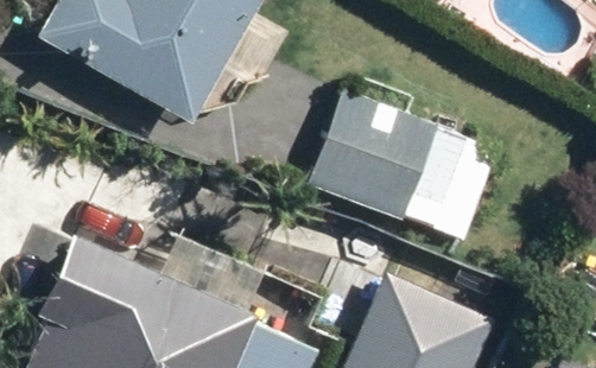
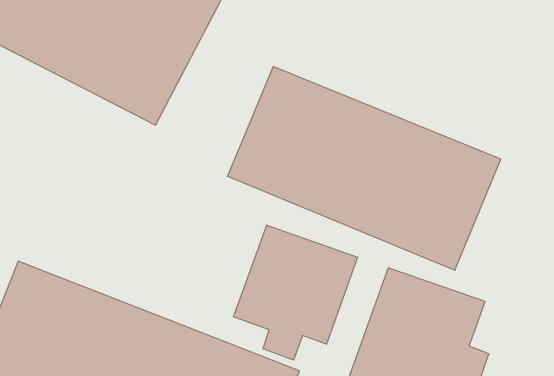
building: none -> [234,225,358,360]

